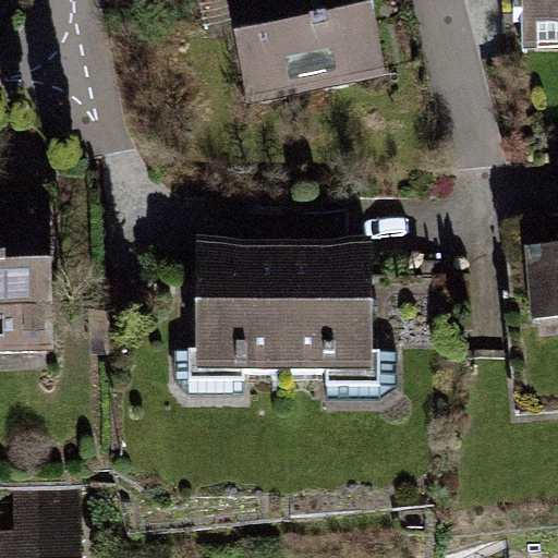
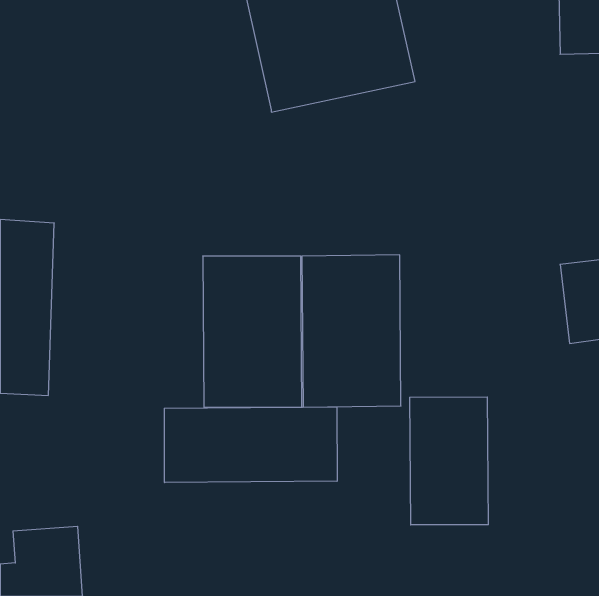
building: none -> [410,397,488,525]
building: none -> [164,407,337,483]

